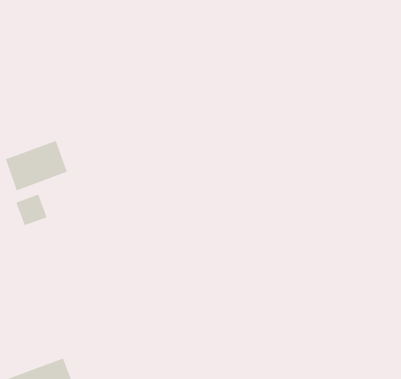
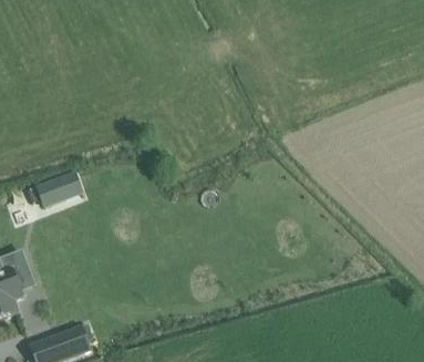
building: [5,140,68,191] -> none

